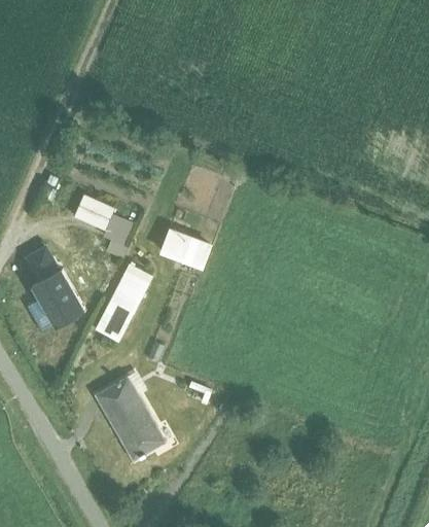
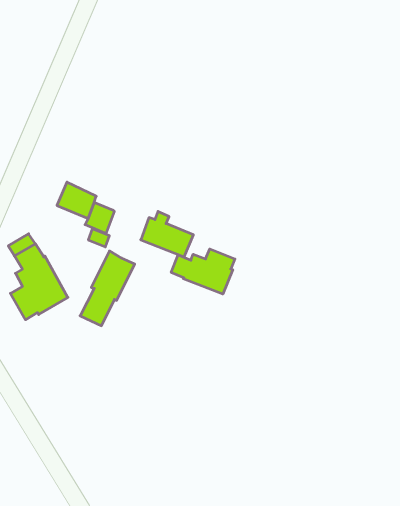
building: none -> [171,249,235,294]
building: [95,372,166,461] -> none

